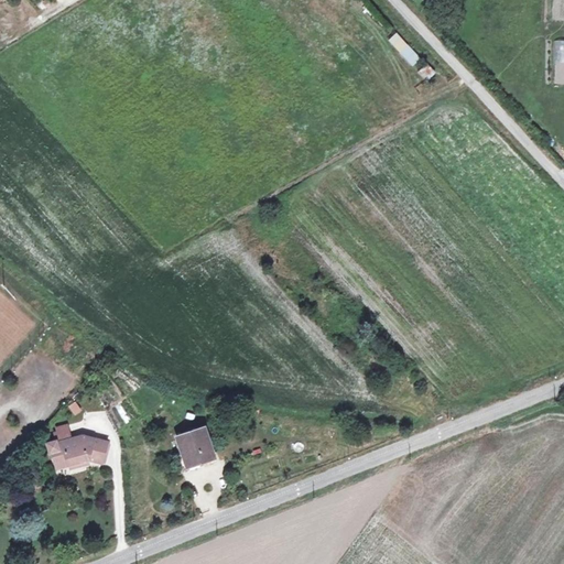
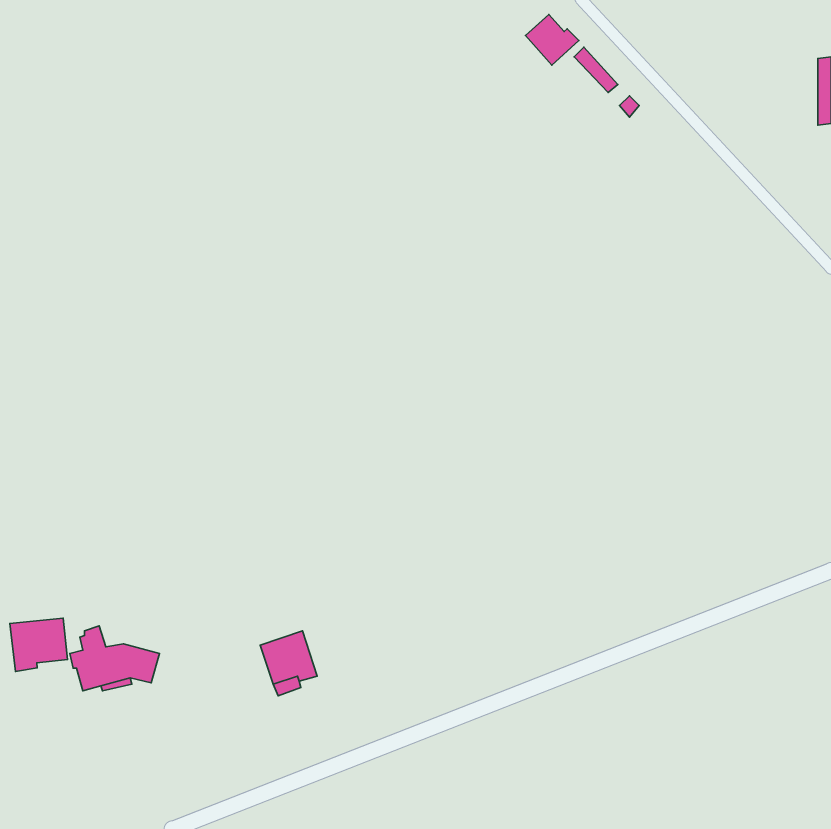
building: none -> [525,14,579,65]
building: none -> [10,618,67,671]

